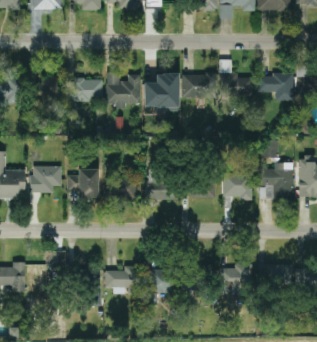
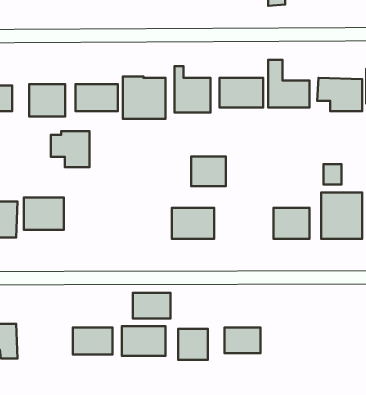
building: [68,170,98,198] -> [51,131,89,167]
building: [189,175,216,198] -> [191,157,226,186]
building: [106,178,137,198] -> none
building: none -> [133,293,171,319]
building: [264,265,291,282] -> none
building: [29,266,60,288] -> none
building: [221,268,247,292] -> none

